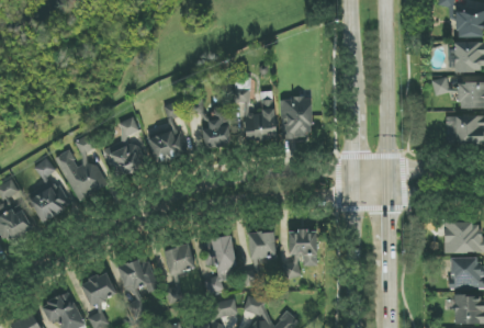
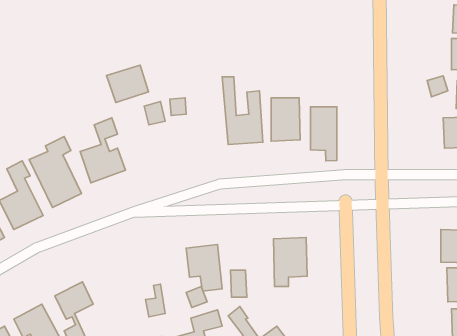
building: [201,105,232,147] -> none
building: none -> [311,107,337,161]
building: [147,128,187,163] -> [107,65,148,102]
building: [247,230,275,258] -> none
building: [164,244,194,273] -> none
building: [116,256,159,293] -> none

